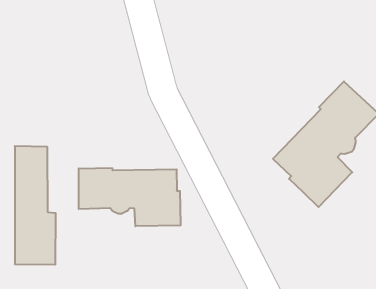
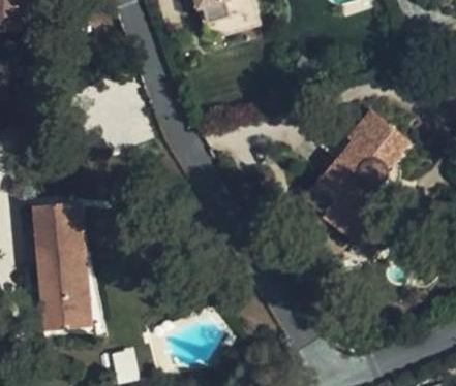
building: [79,168,181,226] -> none

